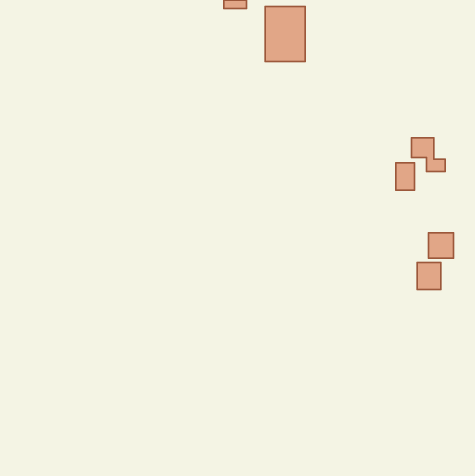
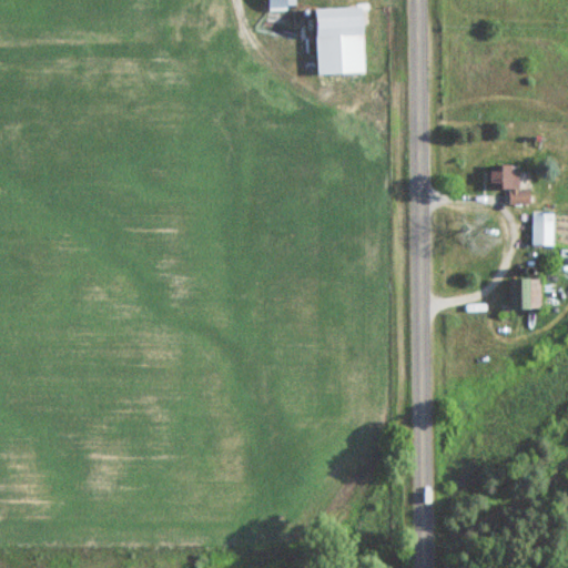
building: [396,163,414,190] -> [532,213,555,245]
building: [417,263,441,290] -> none

